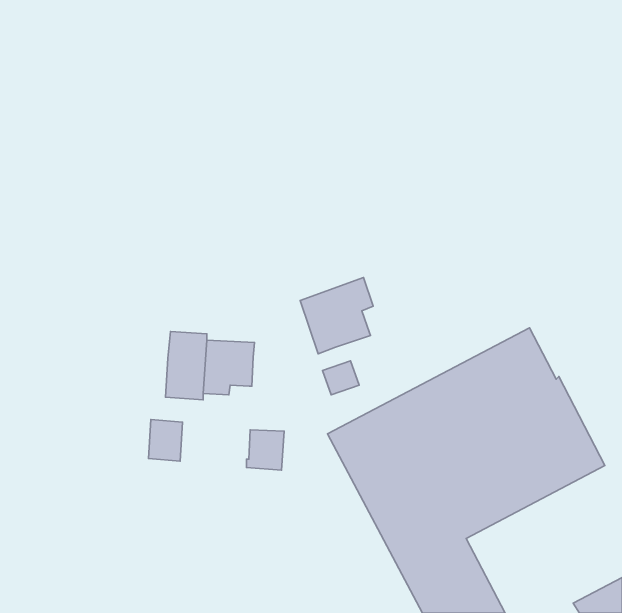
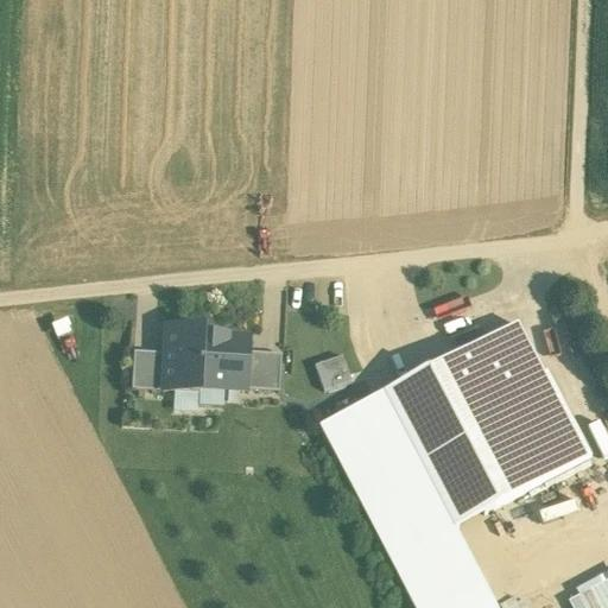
building: [300,277,373,354] -> none
building: [149,420,183,461] -> [131,347,164,387]
building: [246,430,284,470] -> [243,348,280,387]

